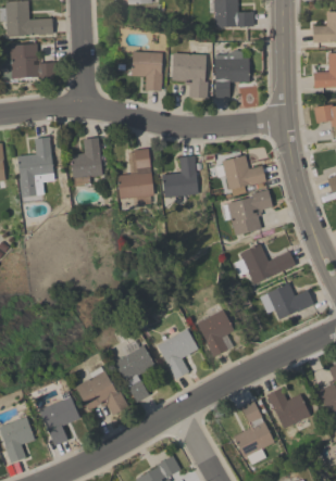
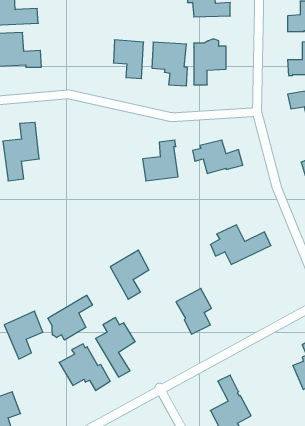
building: [71,137,102,186] -> none
building: [117,149,154,206] -> none
building: [221,189,273,235] -> none
building: [259,282,314,319] -> none
building: none -> [48,295,92,340]
building: [158,328,198,379] -> [110,250,149,299]
building: [266,388,310,429] -> none
building: [39,396,79,446] -> [4,311,43,359]

